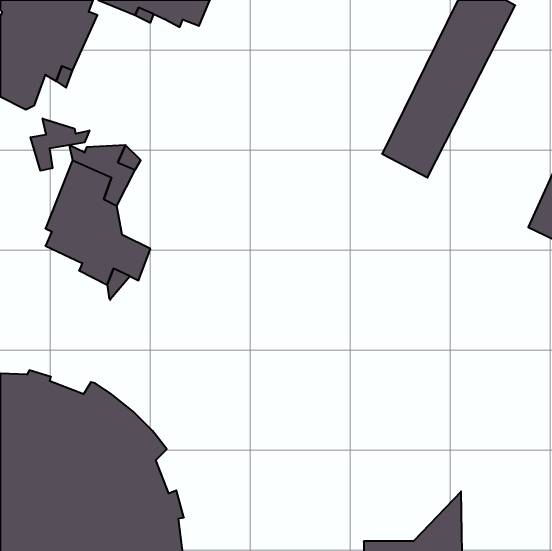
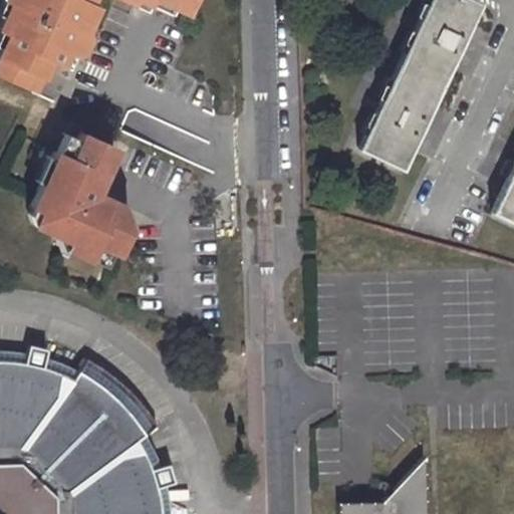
building: [31,118,89,171] -> none

